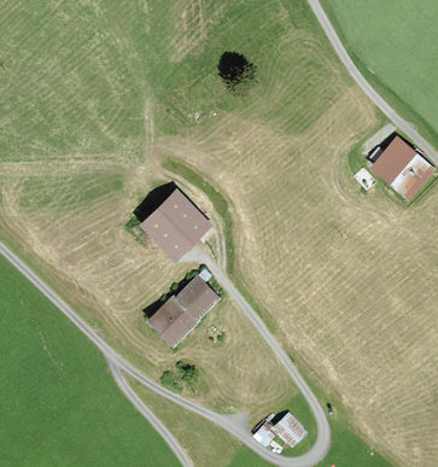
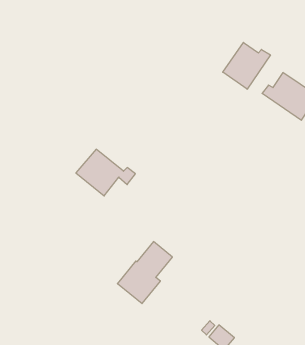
building: none -> [223,42,270,89]
building: [148,276,215,345] -> [117,242,172,304]

